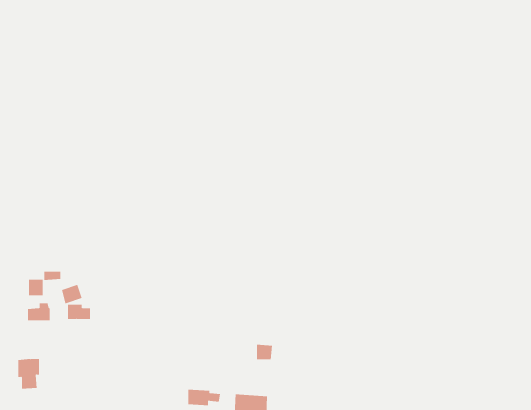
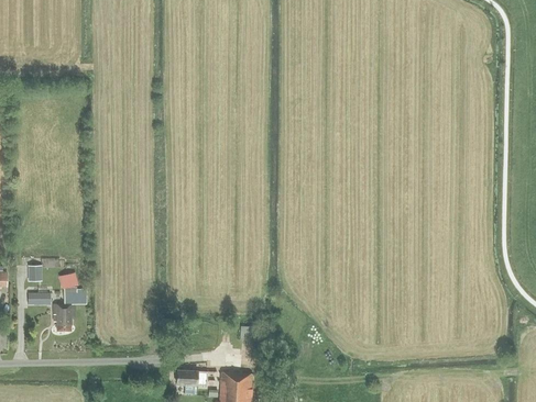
building: [17,359,40,389] -> [53,303,74,332]

